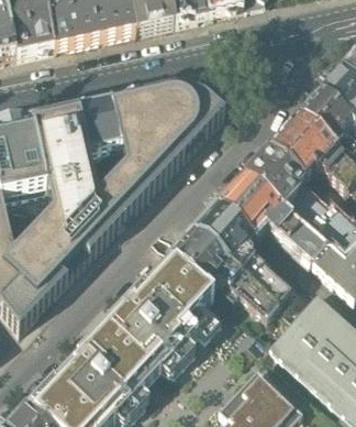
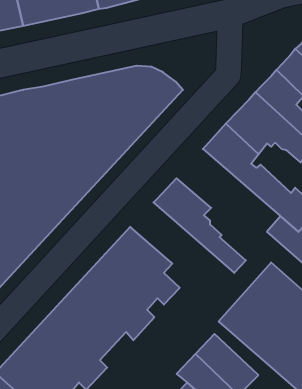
building: [216,171,325,258] -> none
building: [168,227,277,315] -> none

